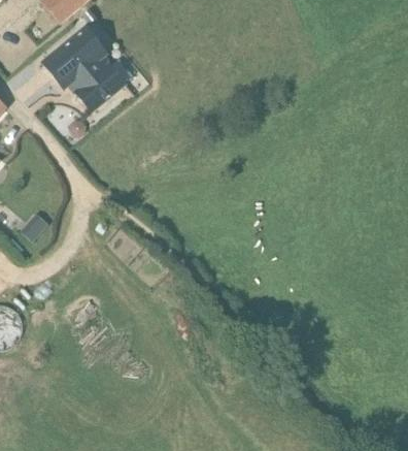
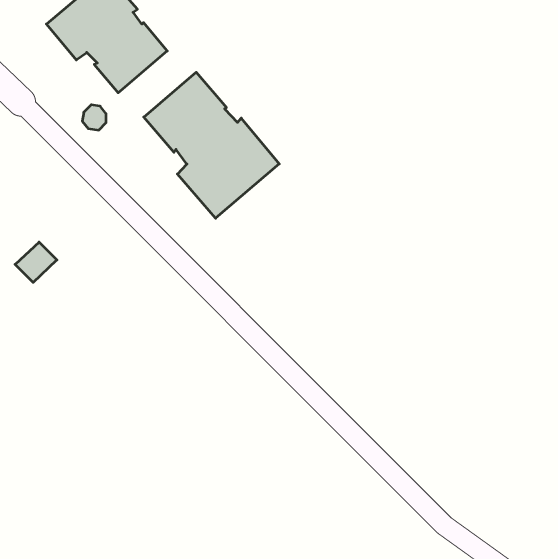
building: none -> [144,72,279,218]

